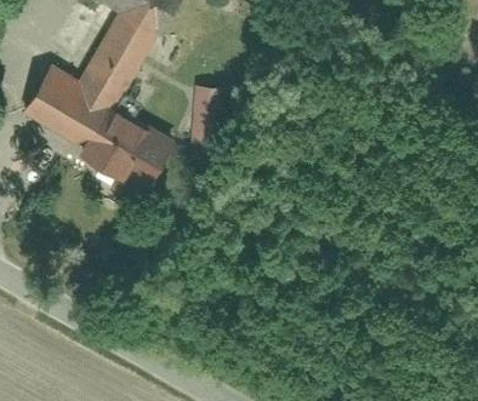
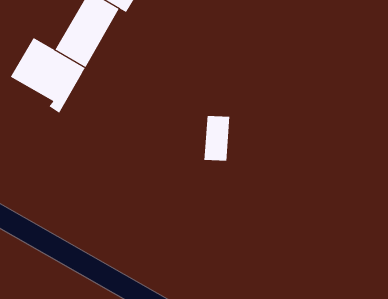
building: [193,88,224,143] -> [204,116,230,161]
building: [84,110,173,181] -> none

